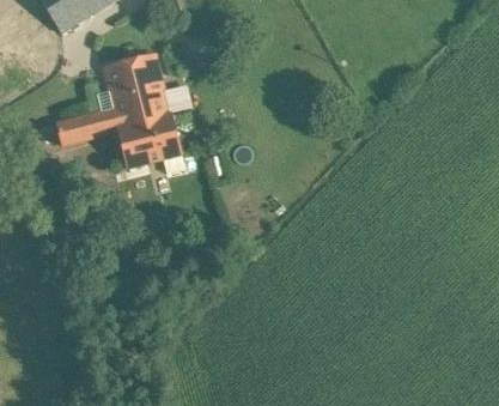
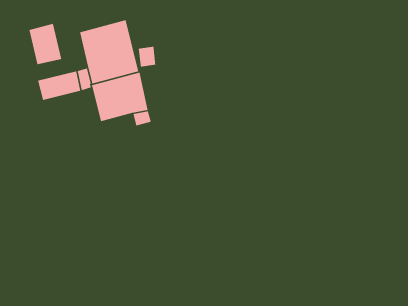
building: none -> [29,23,62,65]

